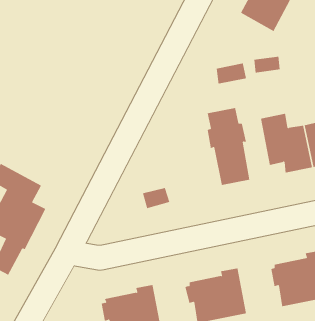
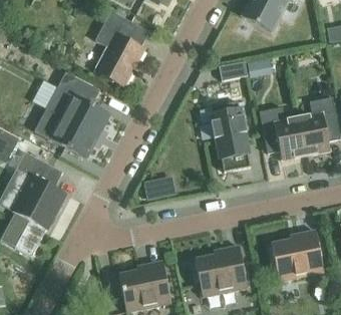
building: none -> [94,10,148,86]
building: none -> [34,71,109,158]

